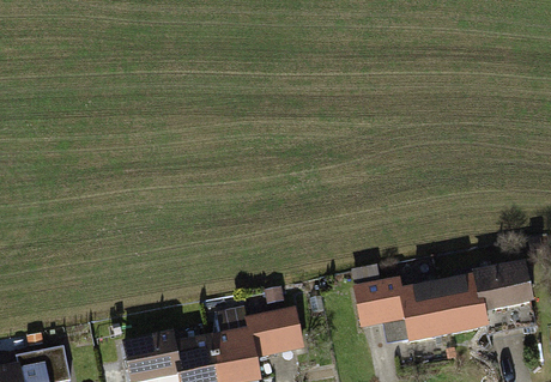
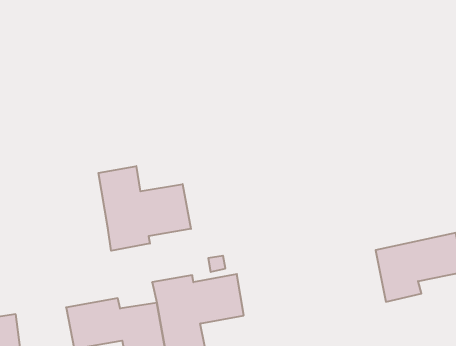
building: none -> [98,166,191,251]
building: [349,263,450,341] -> none

